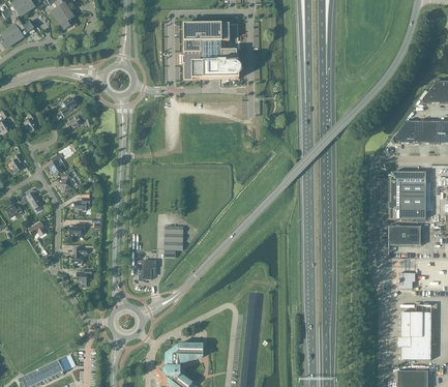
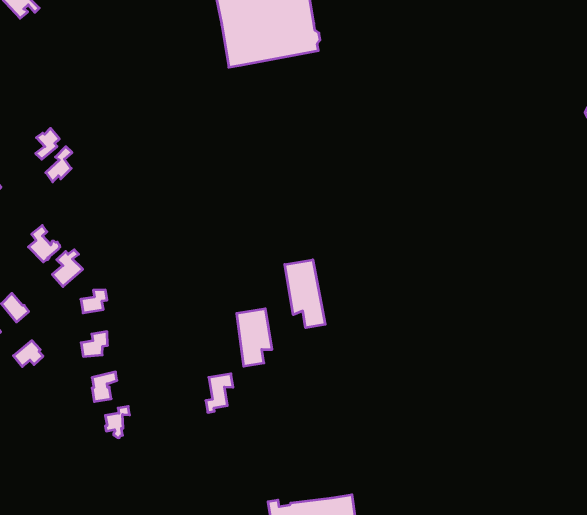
building: none -> [285,260,325,328]

